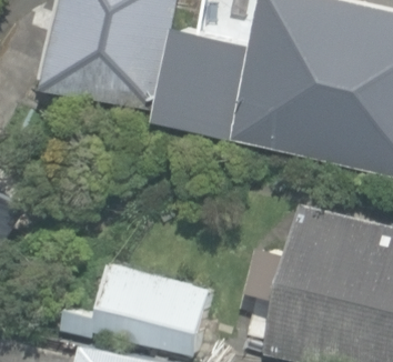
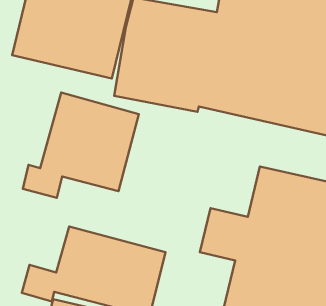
building: none -> [23,93,139,198]

